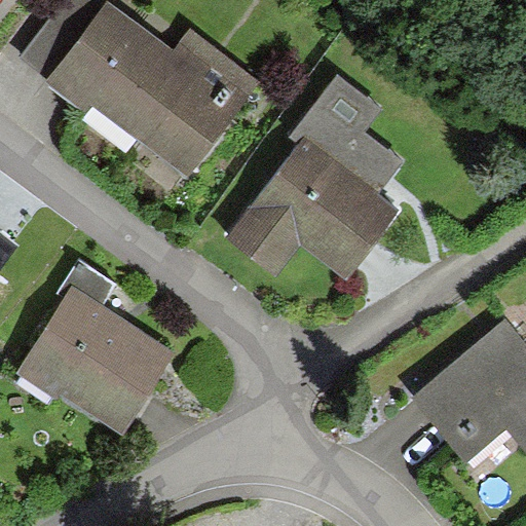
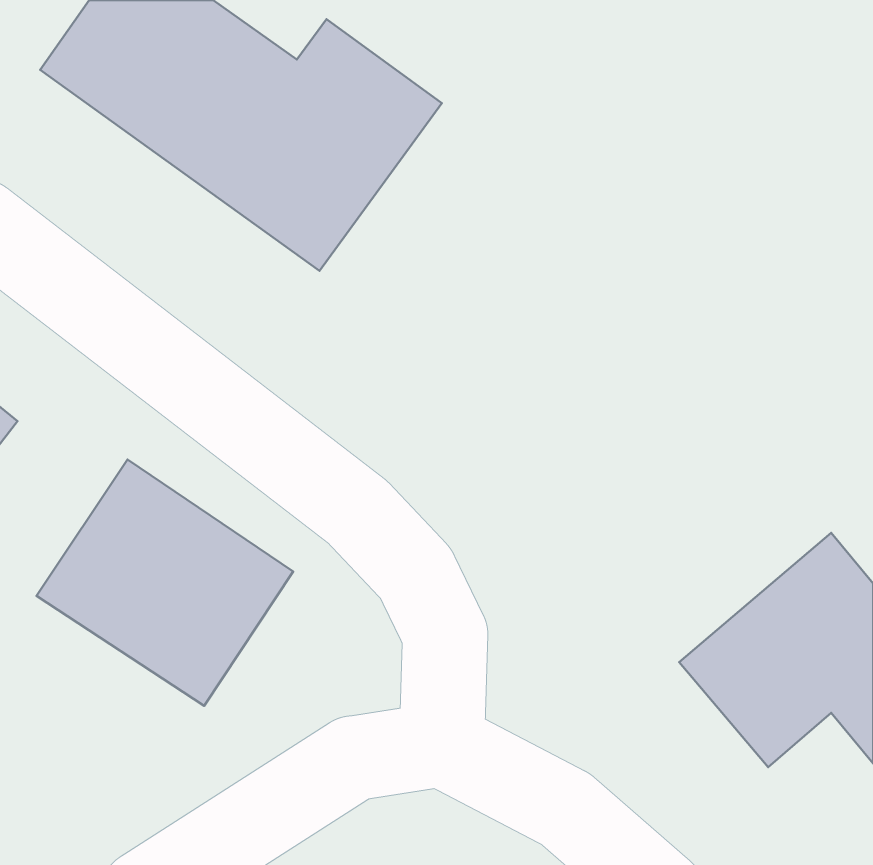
building: [234,75,403,271] -> none

